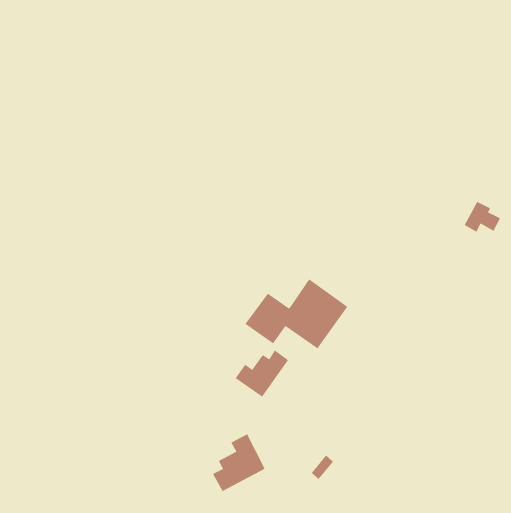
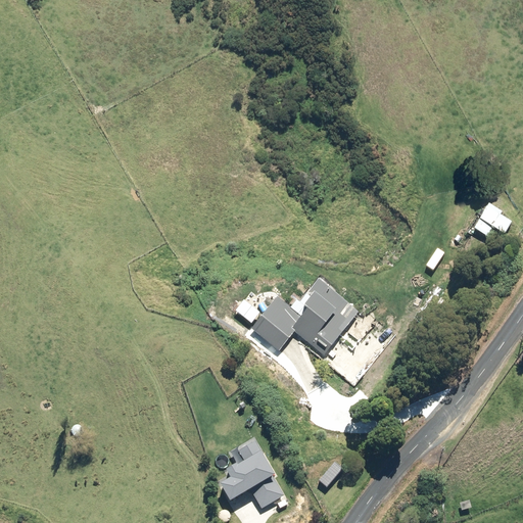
building: [235,350,289,397] -> none
building: none -> [252,478,285,509]

